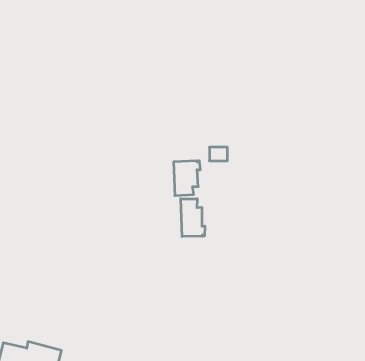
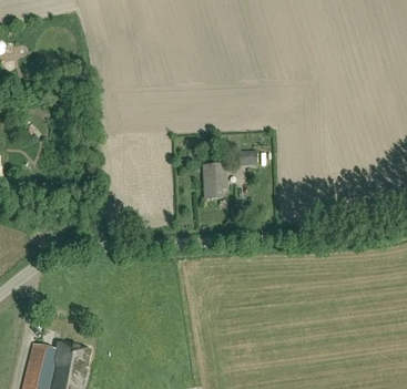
building: [181,199,205,237] -> none

